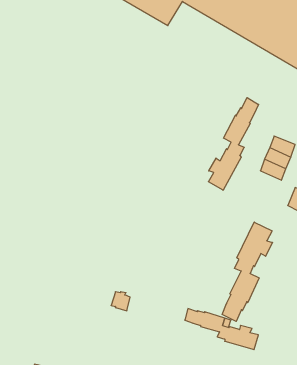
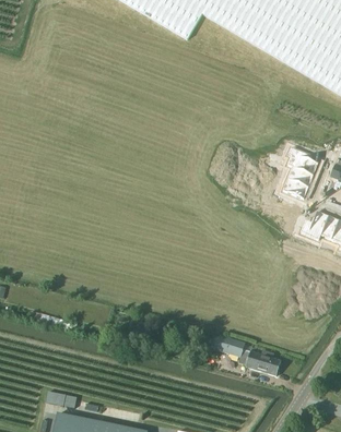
building: [208,98,259,190] -> none
building: [222,222,273,321] -> none

